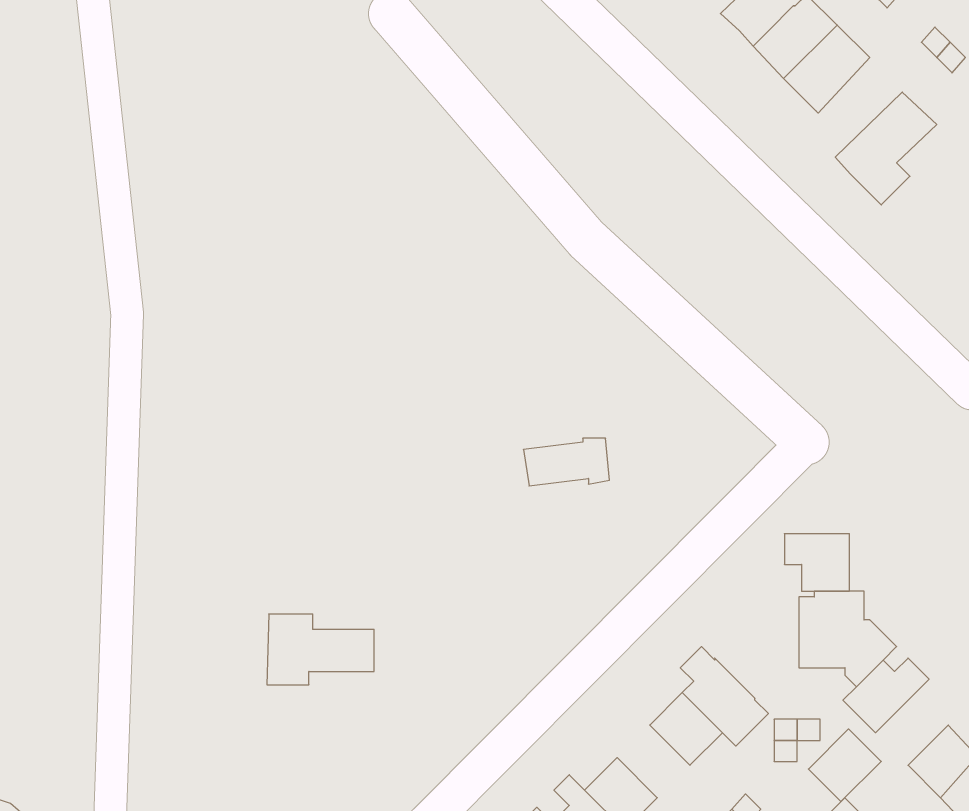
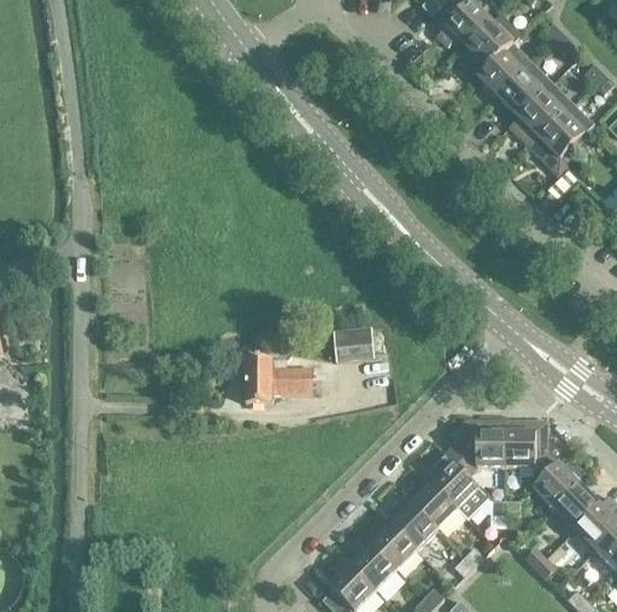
building: none -> [509,83,571,146]
building: [784,534,849,591] -> [465,431,506,467]
building: [267,614,374,685] -> [243,358,311,402]
building: none -> [388,494,437,549]
building: [808,729,881,802] -> [554,483,600,529]

